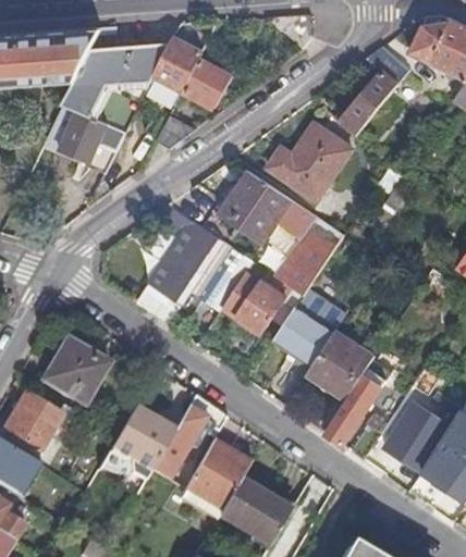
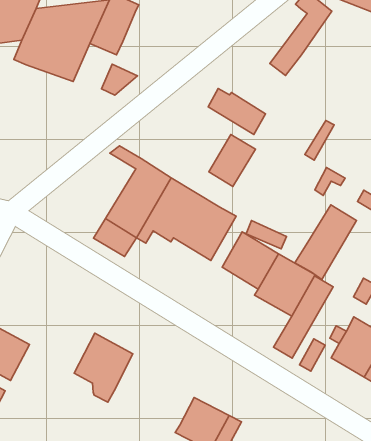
building: [180,57,230,107] -> none
building: [58,110,123,162] -> none
building: [295,123,351,177] -> none
building: [223,170,292,237] -> none
building: [275,215,345,296] -> [295,205,357,279]
building: [37,337,105,406] -> none
building: [149,397,222,482] -> none
building: [181,441,247,511] -> none

